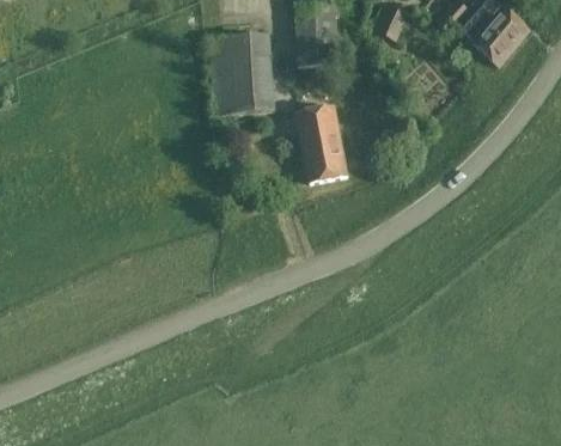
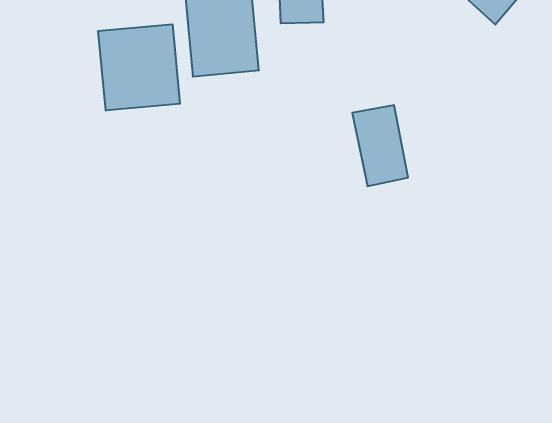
building: none -> [98,24,180,111]
building: [294,104,347,181] -> [352,105,408,186]

